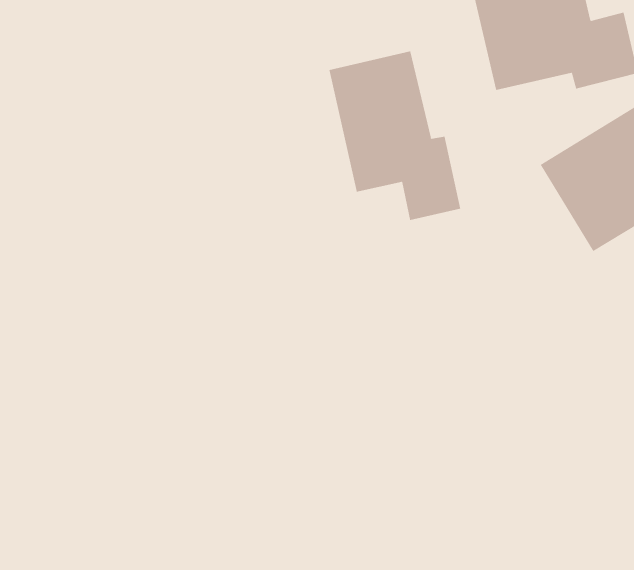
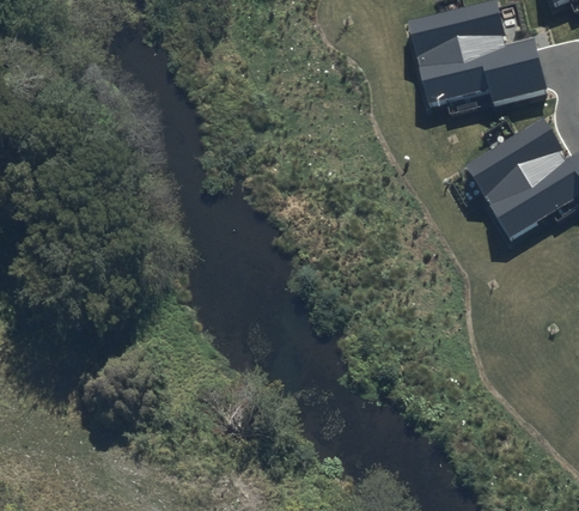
building: [329,50,461,221] -> none

